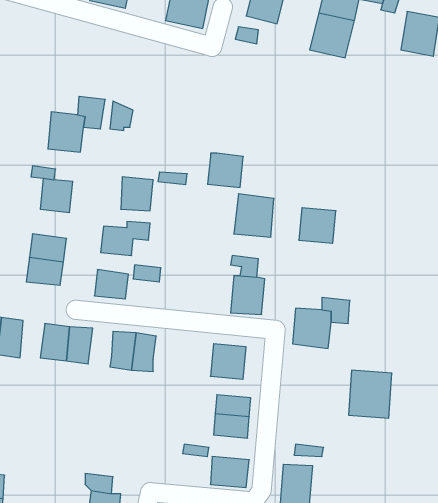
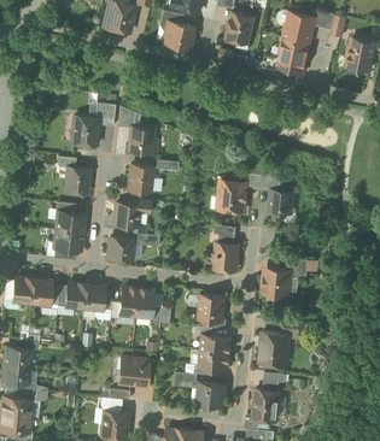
building: [208,153,243,187] -> [128,127,156,153]
building: [349,370,392,418] -> [258,331,292,369]
building: none -> [119,357,151,388]

